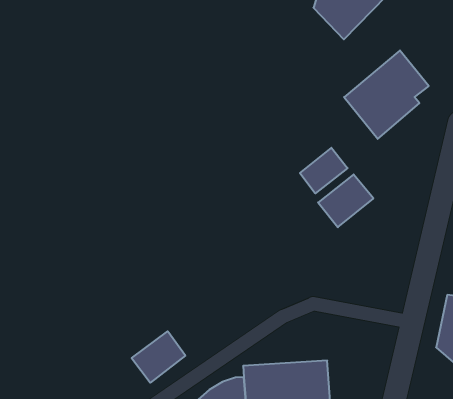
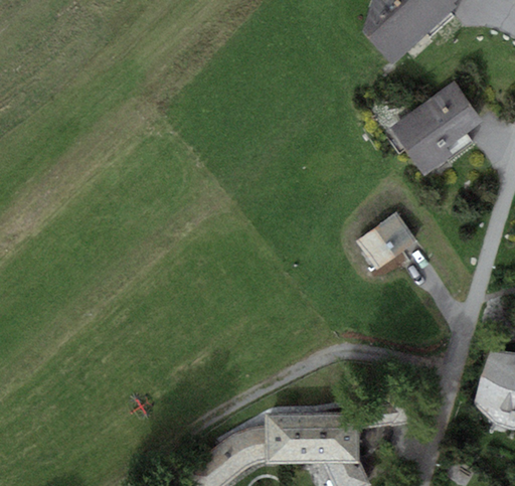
building: [300,148,348,193] -> none
building: [132,331,185,383] -> none

